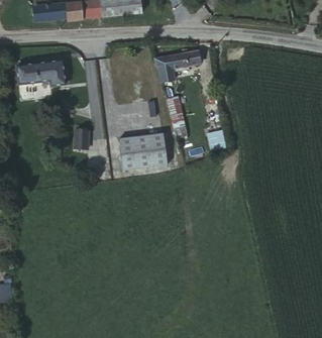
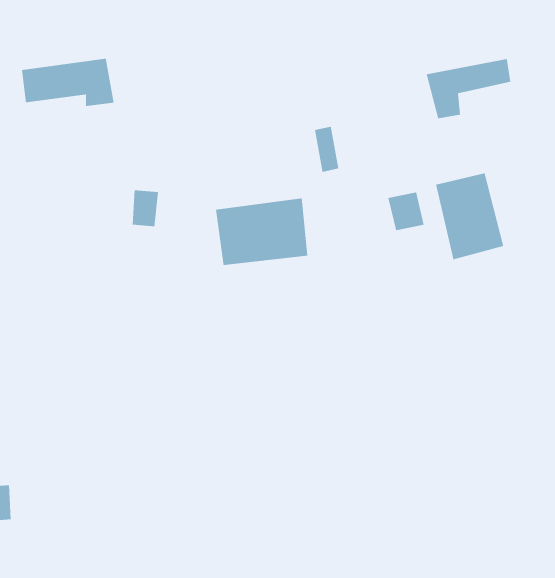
building: [154,49,199,81] -> [426,59,511,119]
building: none -> [435,173,504,260]

